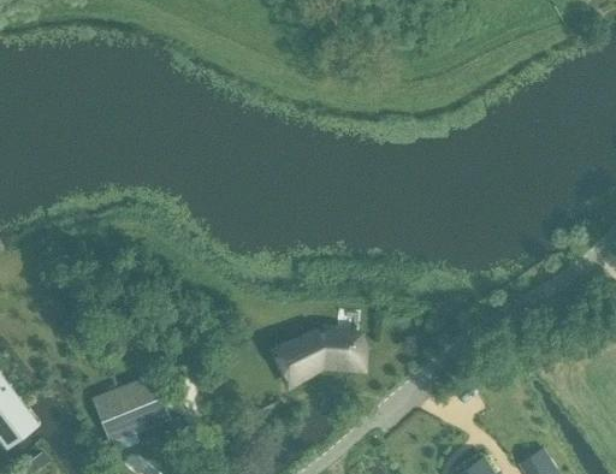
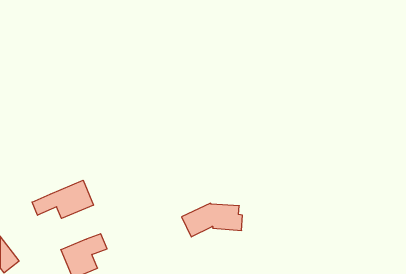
building: none -> [32,180,93,218]

